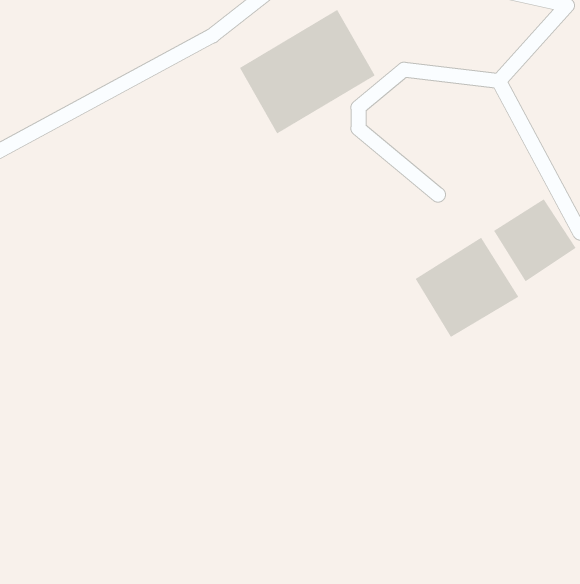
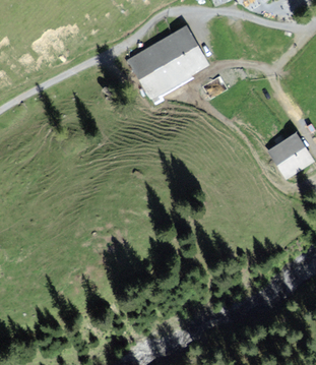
building: [415,237,519,338] -> none

